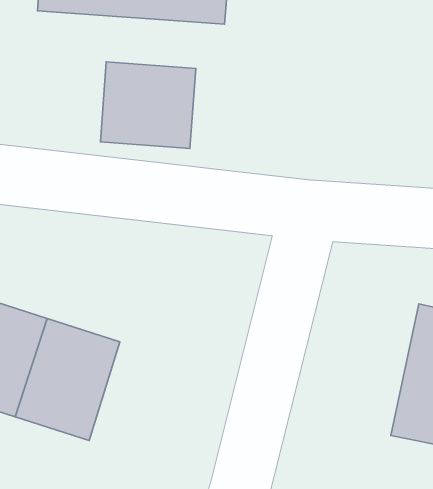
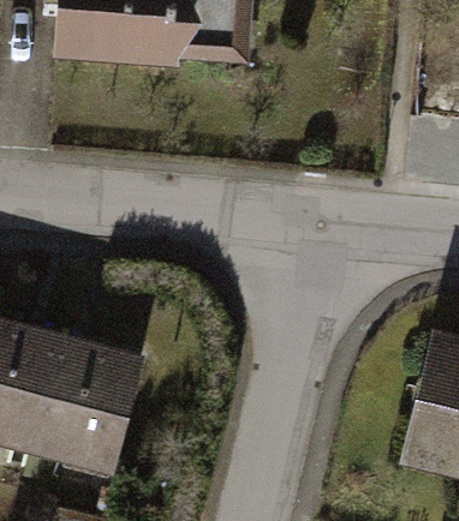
building: [100,62,196,148] -> none

